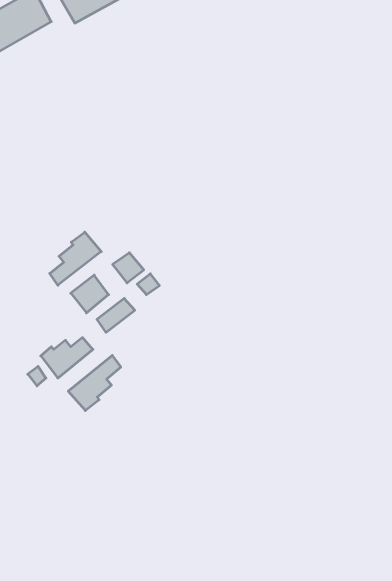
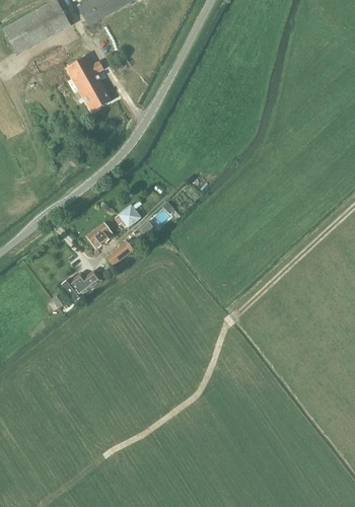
building: none -> [65,54,113,111]
building: [50,232,101,285] -> none
building: [68,355,121,411] -> none

